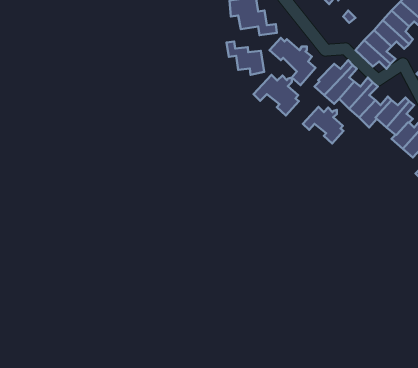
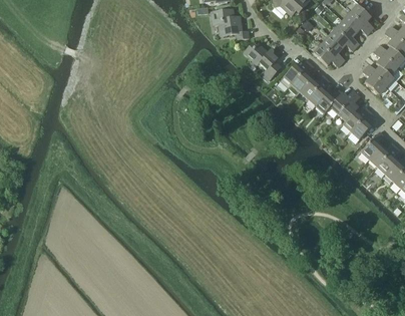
building: [227,42,264,75] -> none
building: [253,75,299,116] -> none
building: [303,107,344,143] -> none

